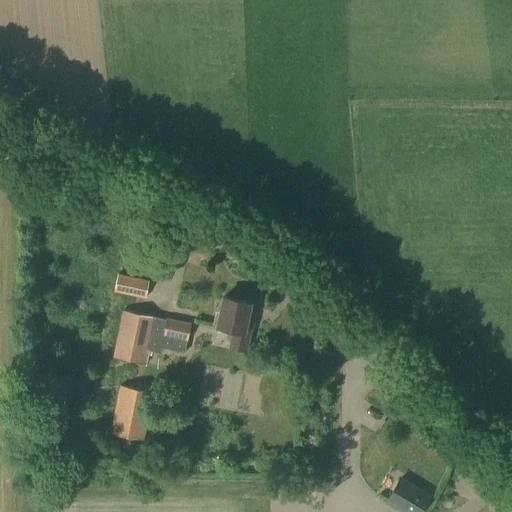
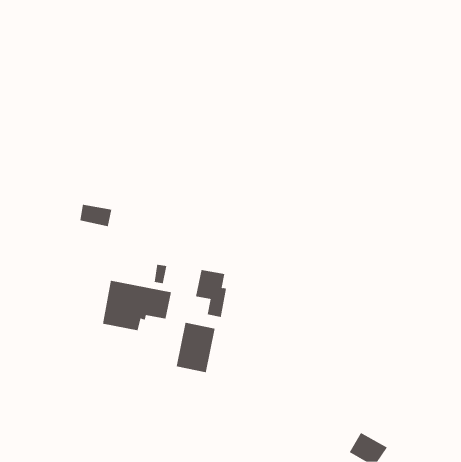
building: [115,274,151,299] -> [80,204,112,227]
building: [111,384,155,440] -> [176,322,216,373]

